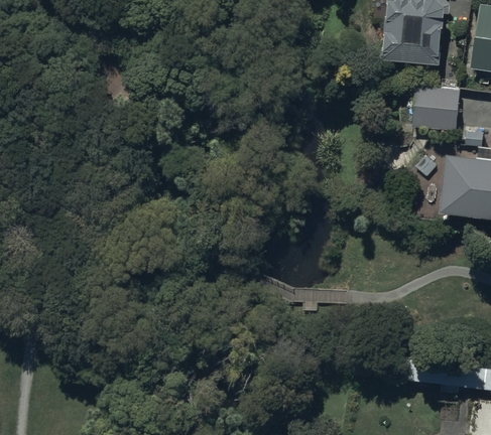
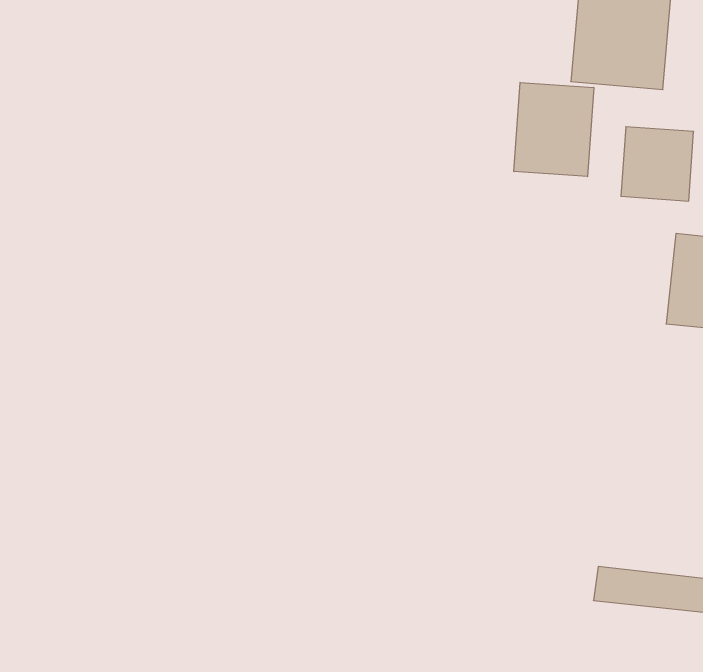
building: none -> [514,82,594,177]

